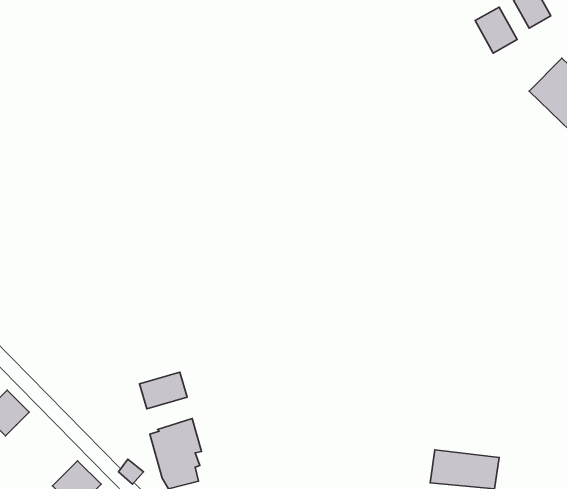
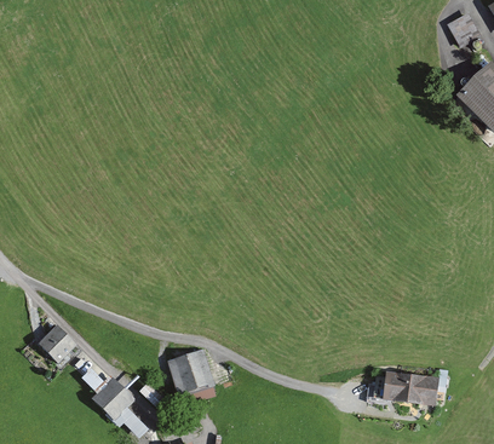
building: [475,7,517,53] -> none
building: [139,372,187,409] -> none

